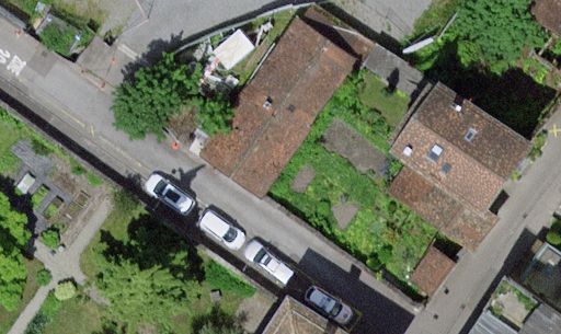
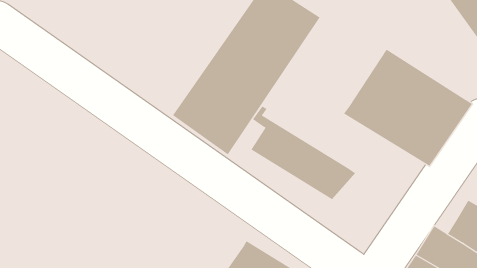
building: [382,141,504,250] -> [250,106,356,200]

